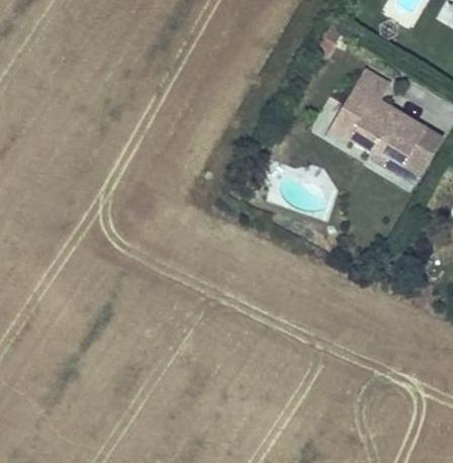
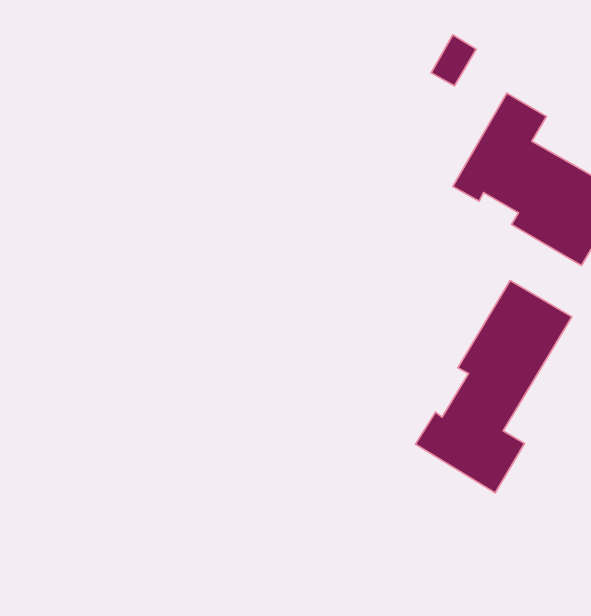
building: none -> [416,280,572,493]

